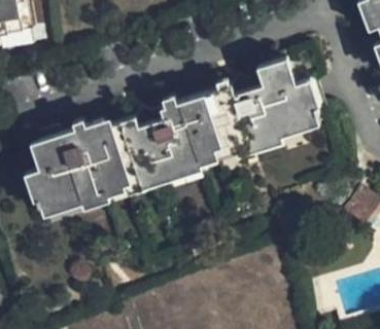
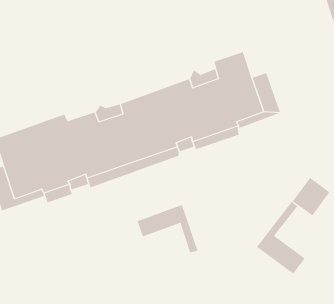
building: none -> [256,201,305,274]
building: none -> [137,204,198,253]

